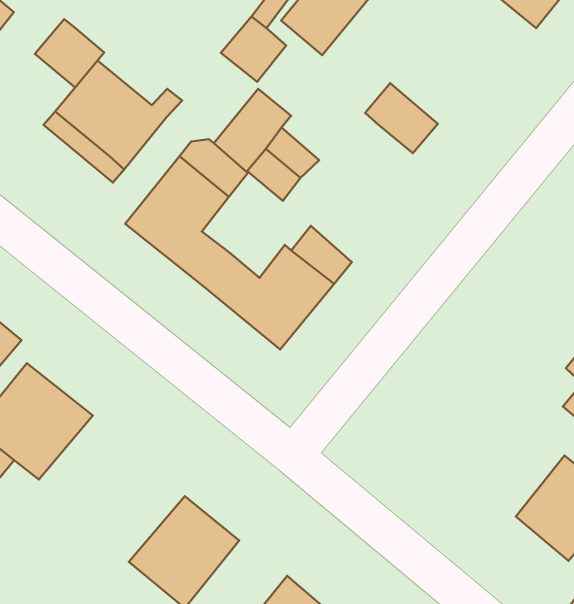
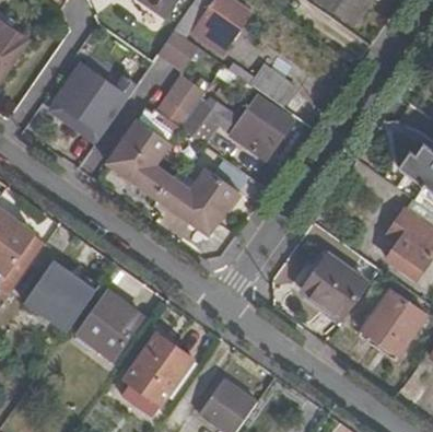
building: [35,19,104,87] -> none
building: none -> [229,92,294,161]
building: none -> [301,256,367,320]
building: none -> [75,290,142,359]

